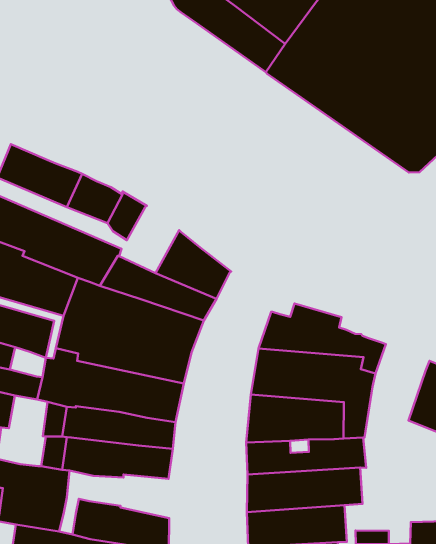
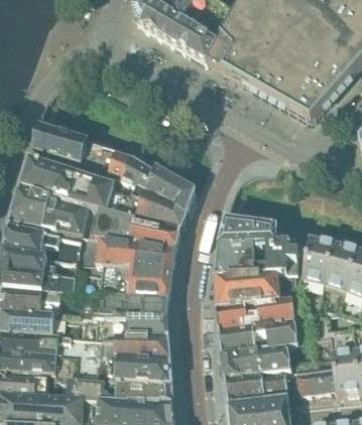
building: none -> [118,158,156,201]
building: none -> [298,237,332,283]
building: none -> [114,337,168,364]

